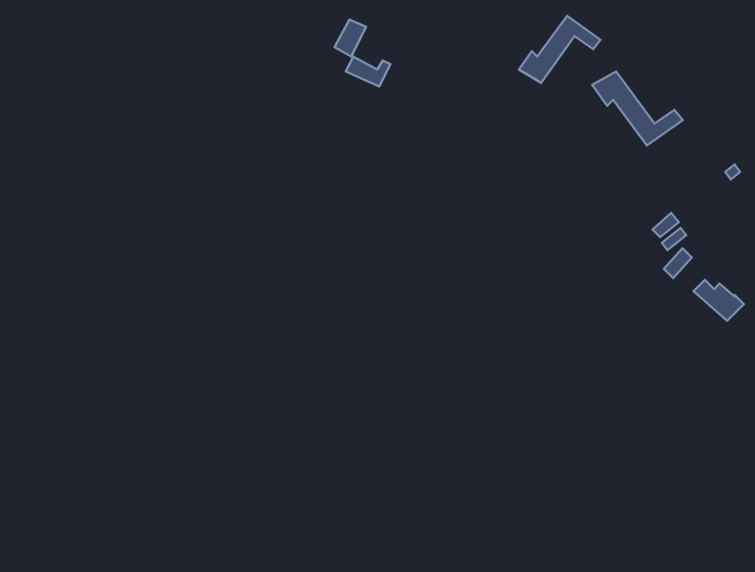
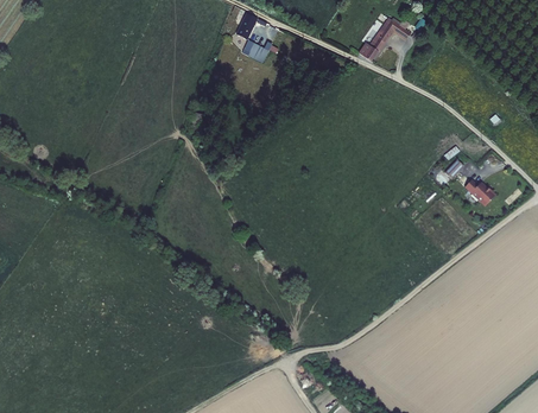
building: [592,71,683,146] -> none

